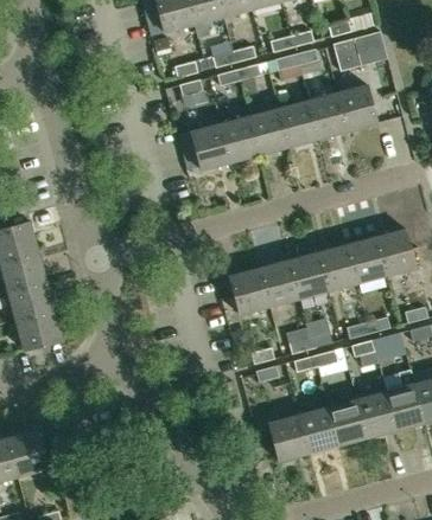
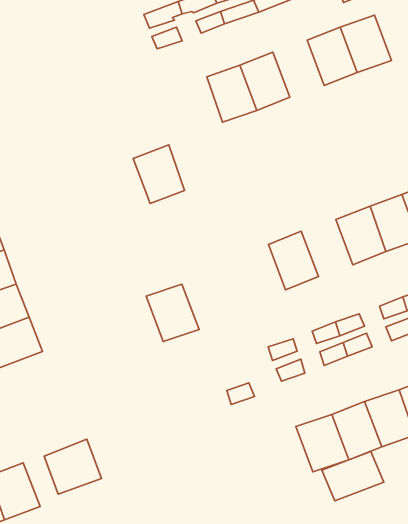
building: [279,101,319,147] -> none
building: [191,123,231,171] -> [133,145,185,204]
building: [288,252,329,298] -> none
building: [229,268,271,314] -> [146,284,199,342]
building: none -> [44,439,101,494]
building: none -> [322,452,384,501]

